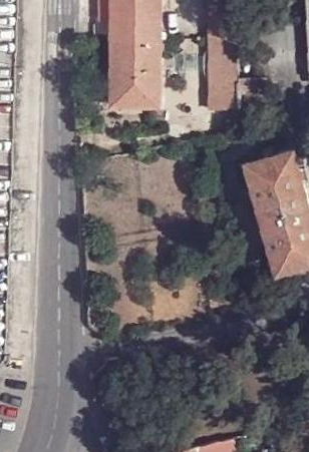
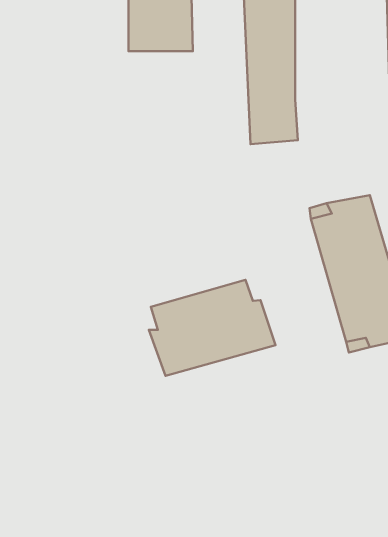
building: [107,46,157,112] -> none
building: none -> [149,280,276,376]

